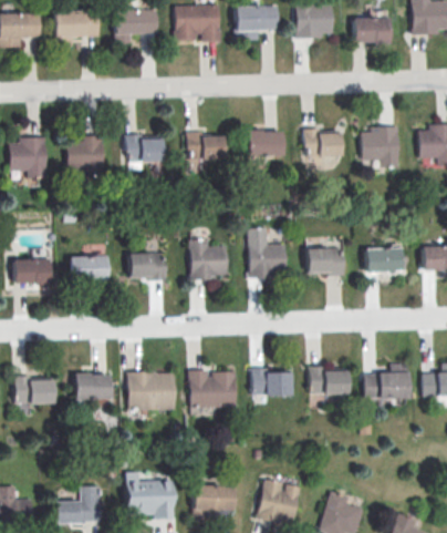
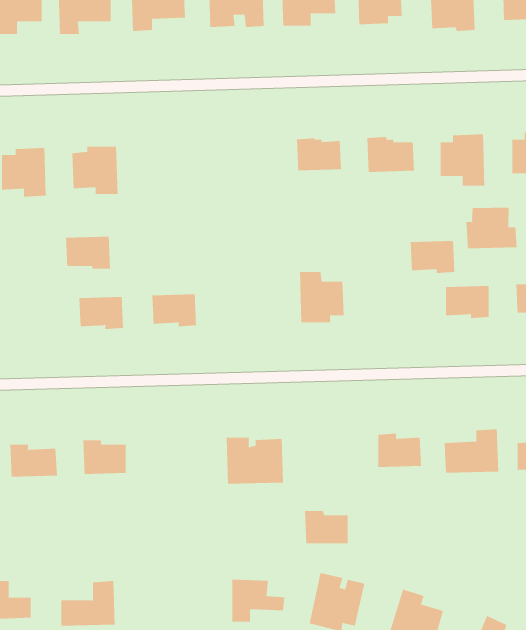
building: [186,132,224,161] -> none
building: [124,134,162,163] -> none
building: none -> [466,207,517,249]
building: [189,239,226,280] -> none
building: [306,250,343,277] -> [410,241,455,274]
building: [13,258,50,285] -> [65,236,111,269]
building: [253,370,289,397] -> [304,511,348,544]
building: [126,372,175,411] -> none
building: [126,471,174,519] -> none

